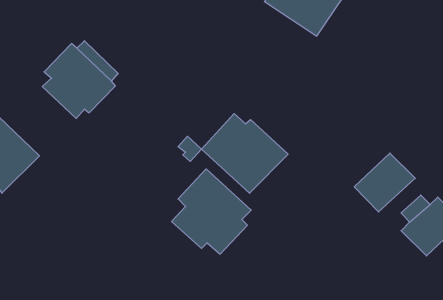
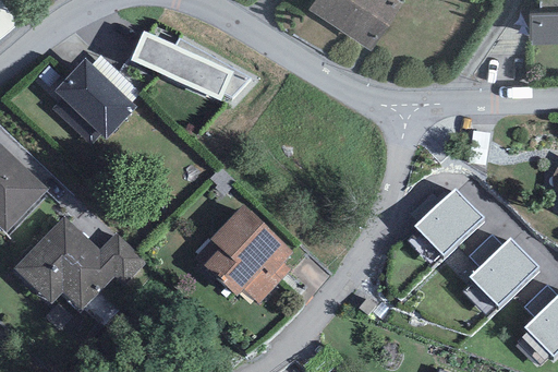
building: none -> [131,32,250,101]
building: [202,114,288,193] -> none
building: none -> [14,217,146,311]

